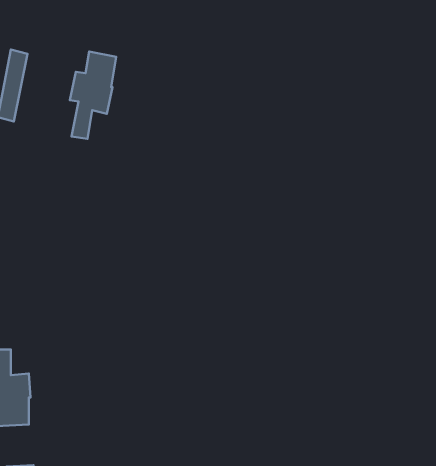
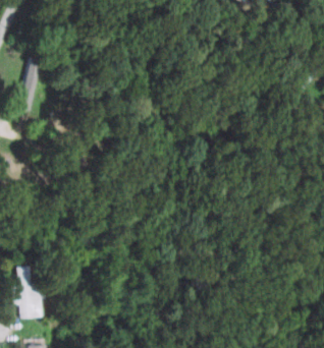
building: [70,51,116,139] -> none

